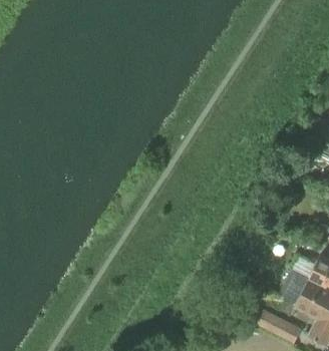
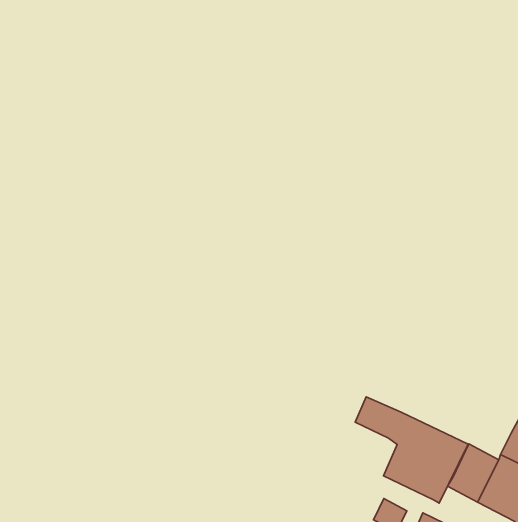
building: none -> [355,397,468,503]

